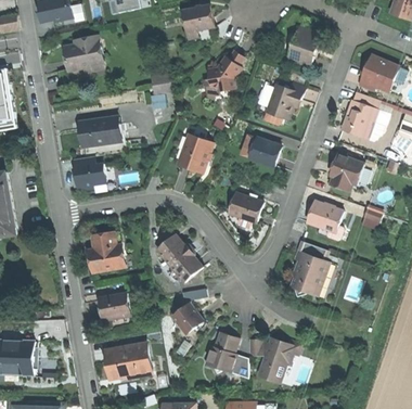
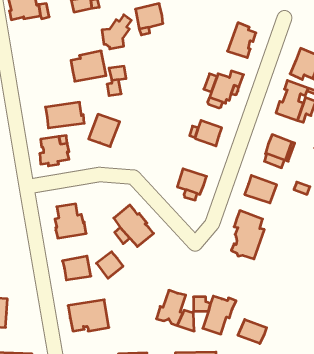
building: [63,36,103,71] -> [71,51,106,81]
building: [208,52,242,91] -> [102,15,131,49]
building: [177,135,213,171] -> [89,114,120,147]
building: [171,304,202,334] -> [96,252,123,278]
building: none -> [238,319,267,344]

